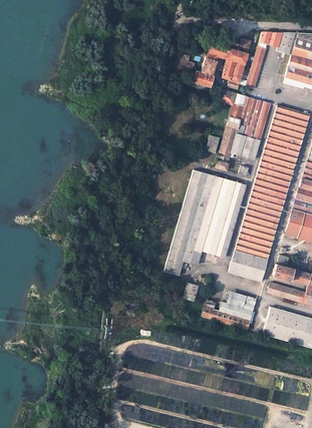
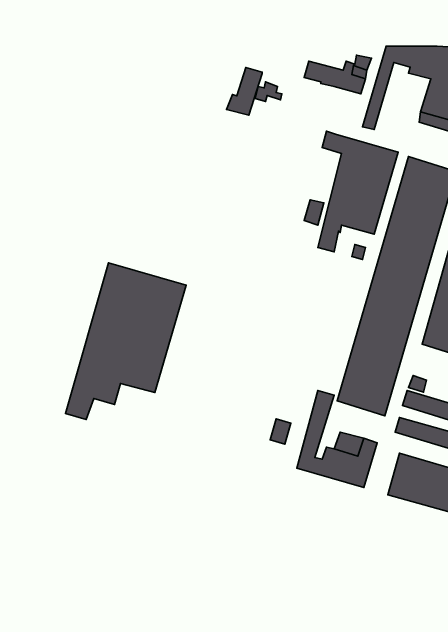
building: [194,53,218,85] -> [226,68,262,115]
building: [222,59,245,88] -> none
building: [165,169,246,275] -> [65,263,186,419]

